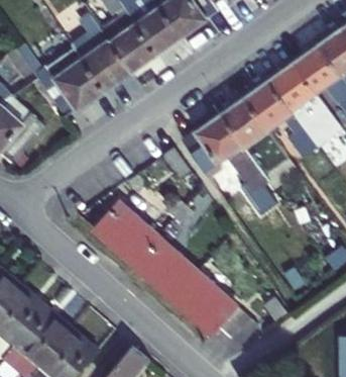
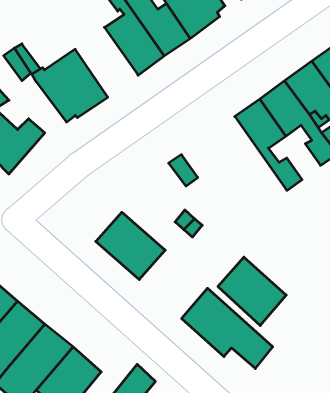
building: [73,15,133,93] -> none
building: [184,111,271,192] -> none
building: [134,235,198,299] -> [218,257,286,326]

